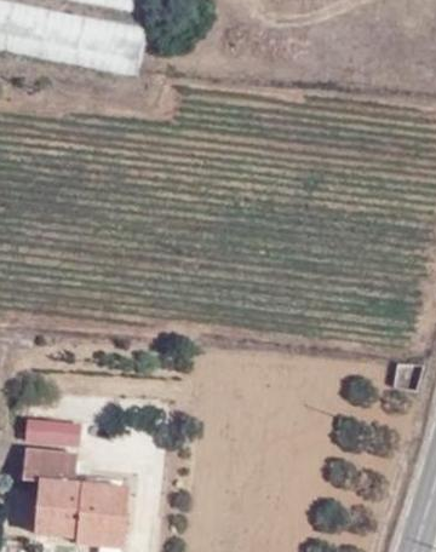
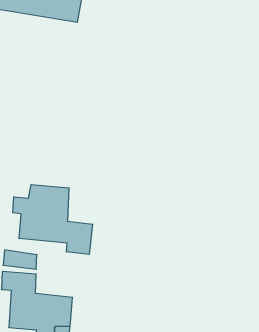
building: none -> [13,185,92,254]

